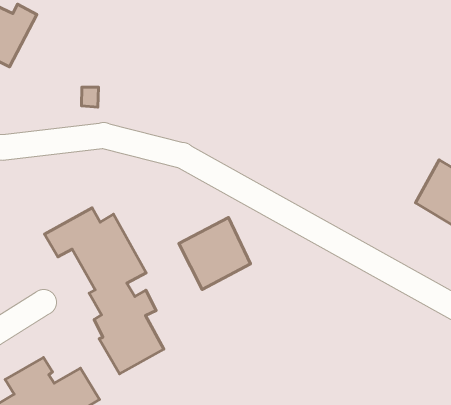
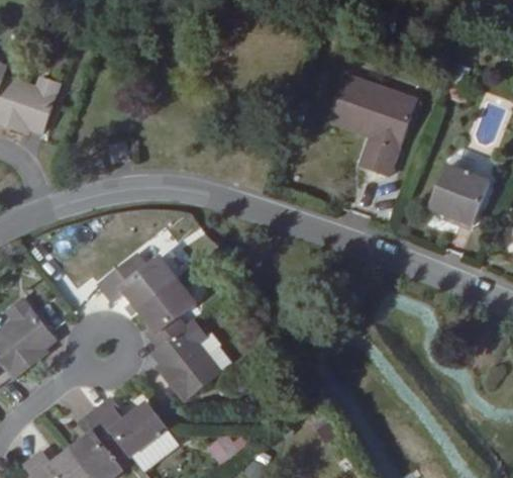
building: none -> [329,73,418,177]
building: [179,218,251,290] -> none

